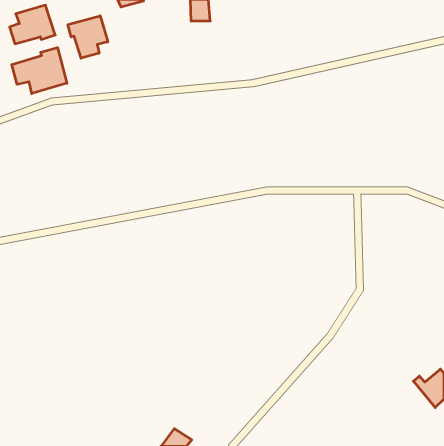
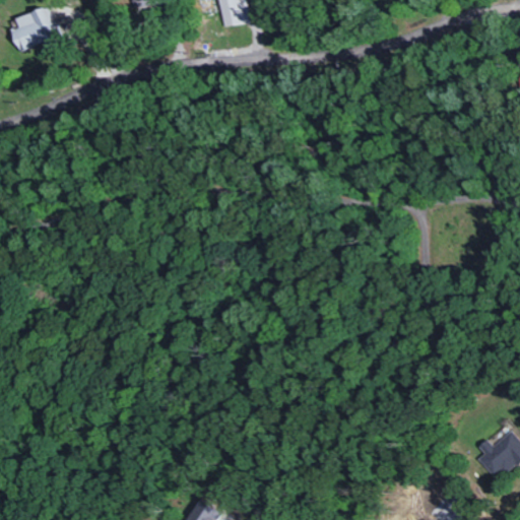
building: [68,16,108,58] -> none
building: [12,48,67,94] -> none

